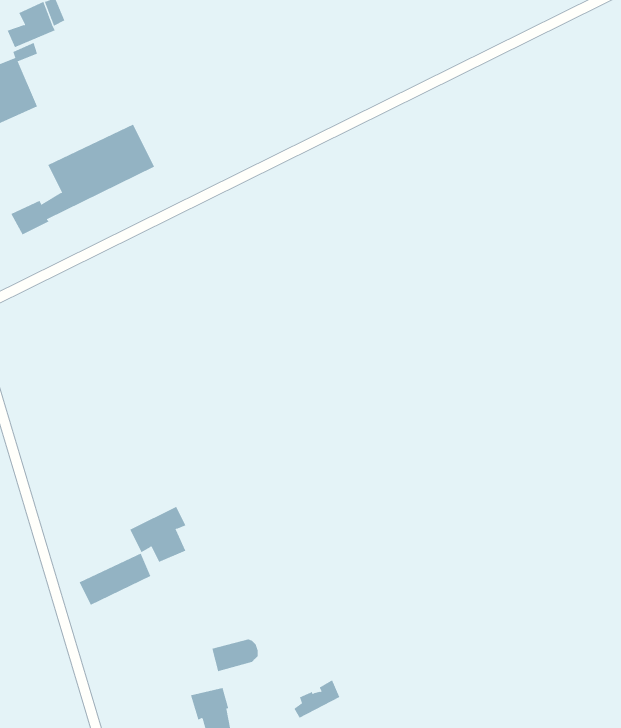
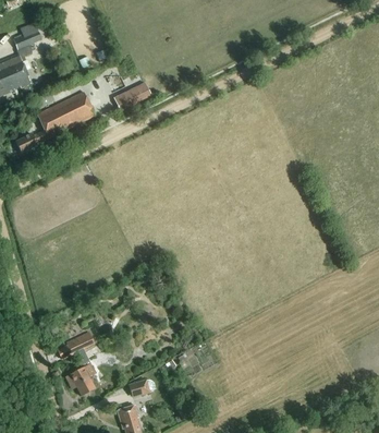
building: none -> [114,81,154,111]
building: [130,506,186,563] -> [64,362,96,394]

